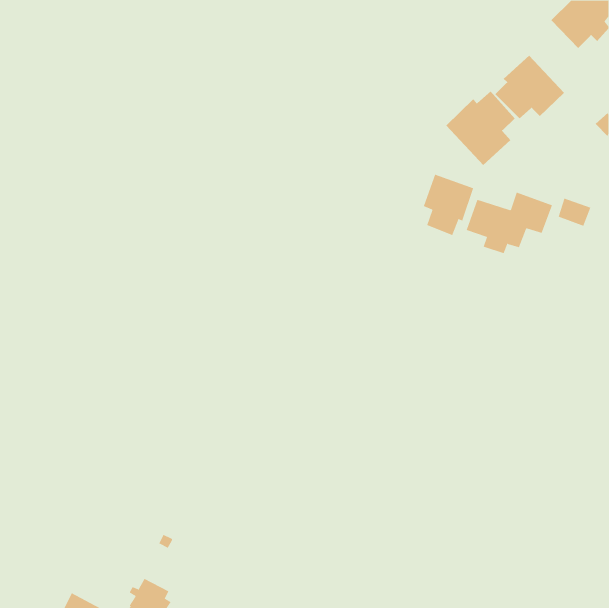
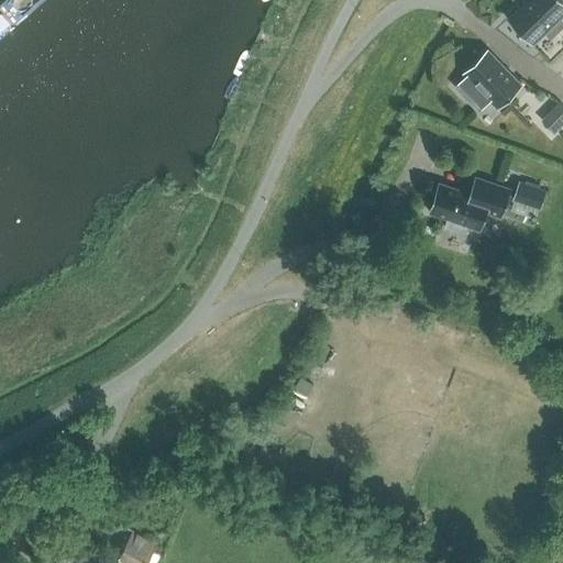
building: [445,90,515,166] -> none
building: [423,174,474,236] -> none

